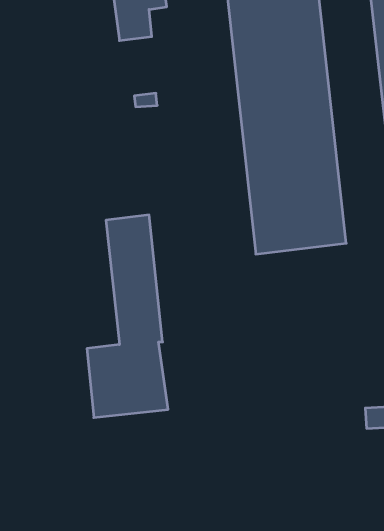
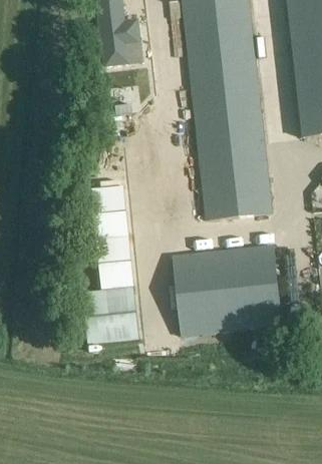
building: none -> [172,244,283,336]

